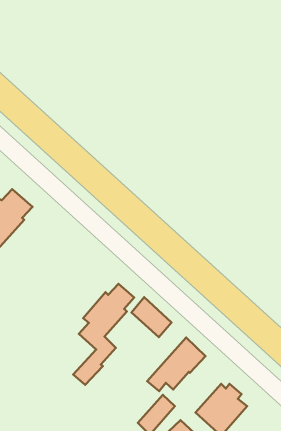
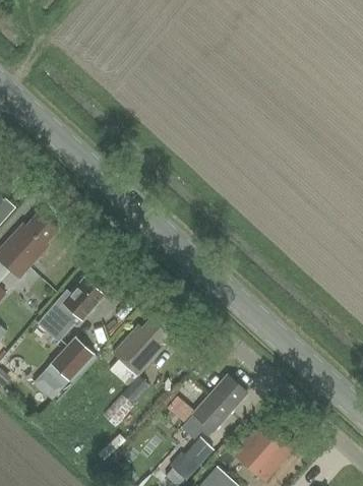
building: none -> [39,279,106,343]
building: [131,297,171,337] -> none
building: none -> [33,339,92,401]

